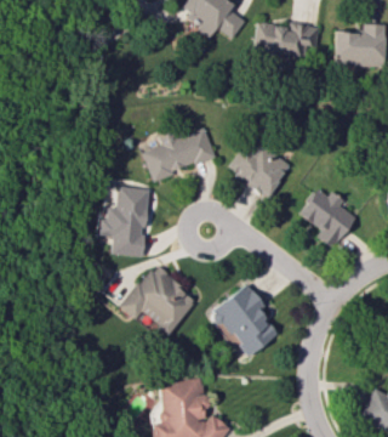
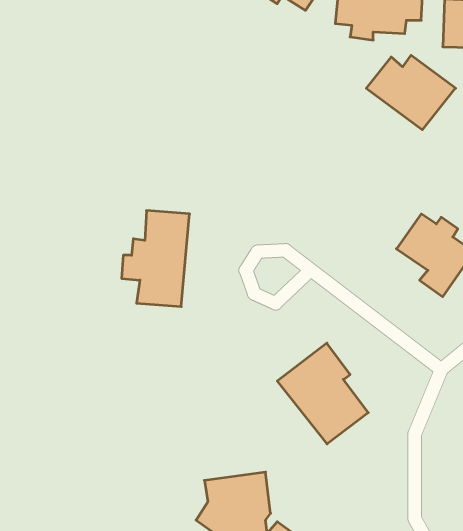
building: [142,127,216,180] -> none
building: [227,143,292,198] -> [366,55,456,130]
building: [120,265,196,334] -> none

